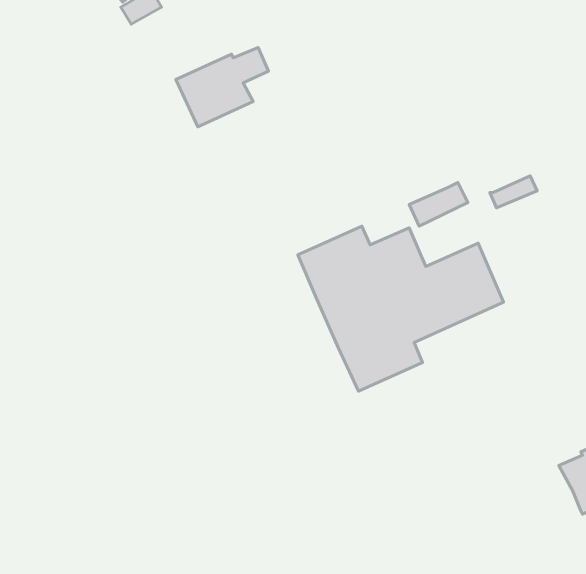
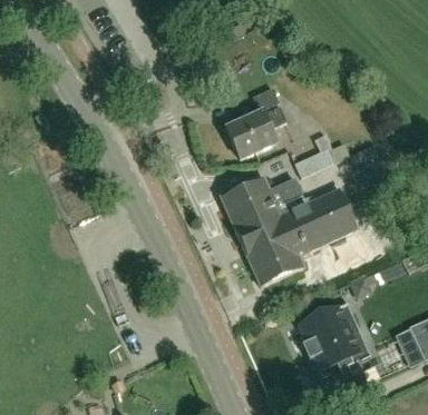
building: [176,48,268,127] -> [226,106,288,158]
building: none -> [300,305,371,396]

